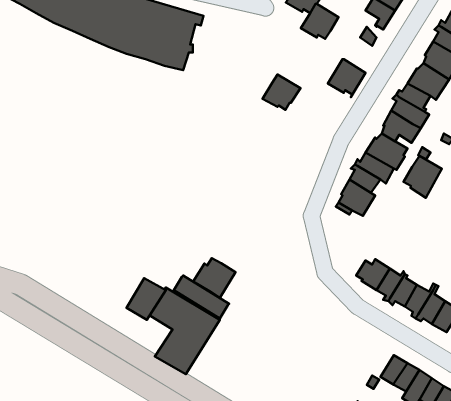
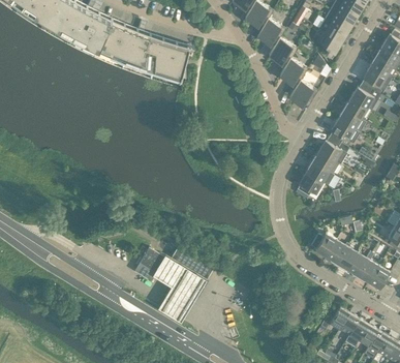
building: [263,75,300,110] -> [279,59,308,86]
building: [404,156,442,198] -> none
building: [193,258,235,298] -> none

